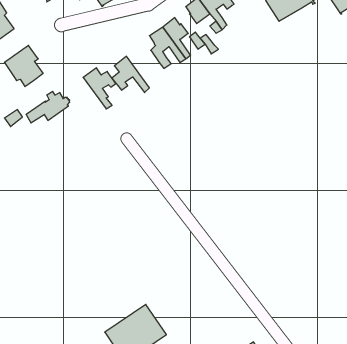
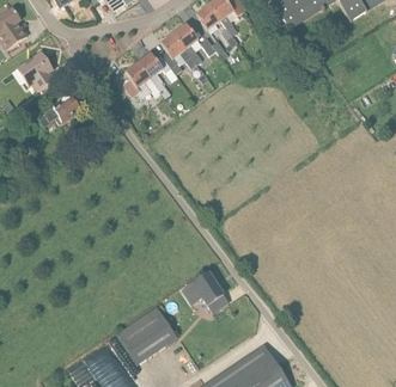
building: [83,68,116,109] -> [138,53,170,93]
building: none -> [187,272,227,313]

